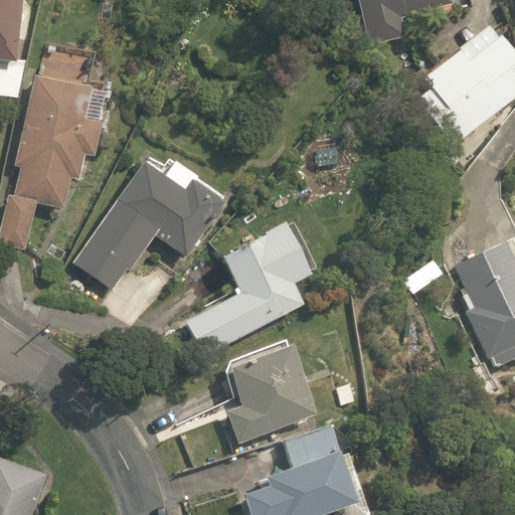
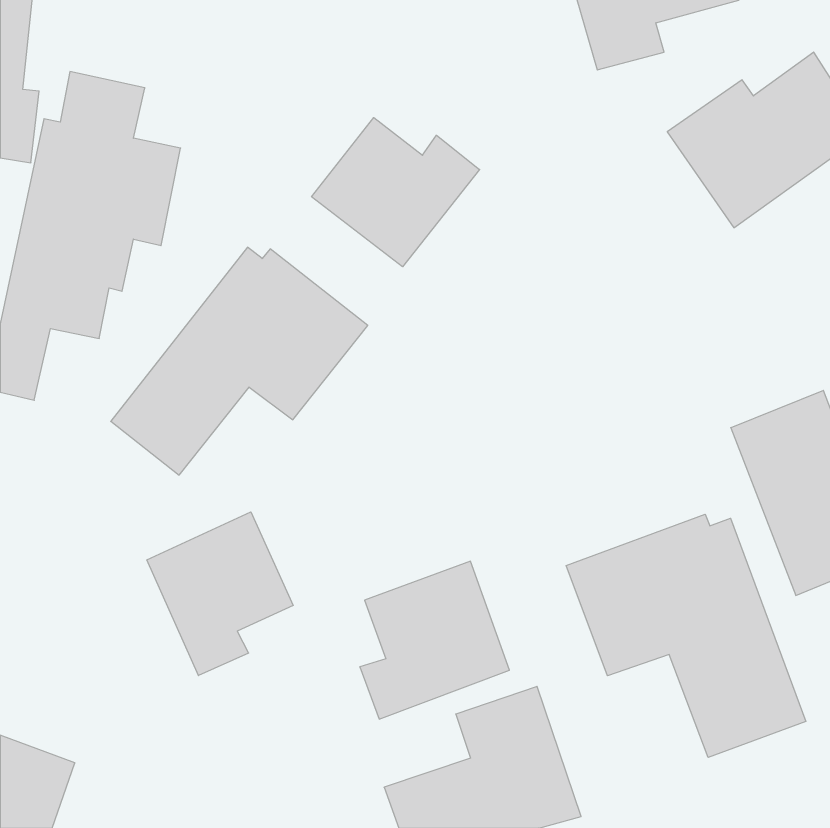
building: none -> [312,118,480,267]
building: [186,221,313,353] -> none
building: none -> [147,512,293,676]
building: none -> [566,514,806,757]

